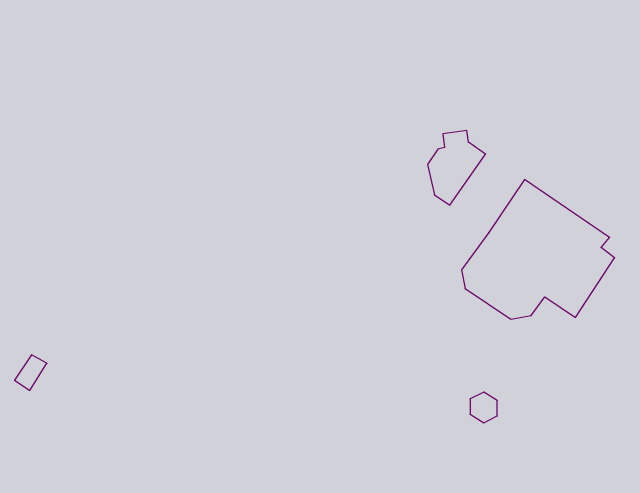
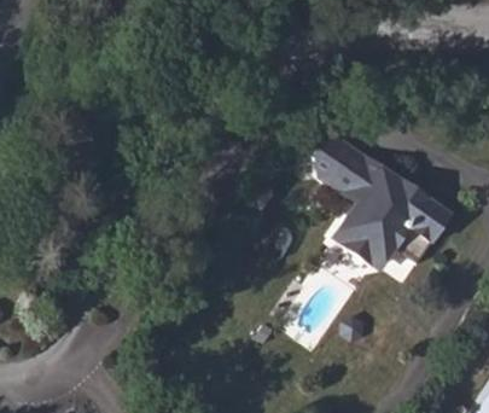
building: none -> [330,147,383,203]

